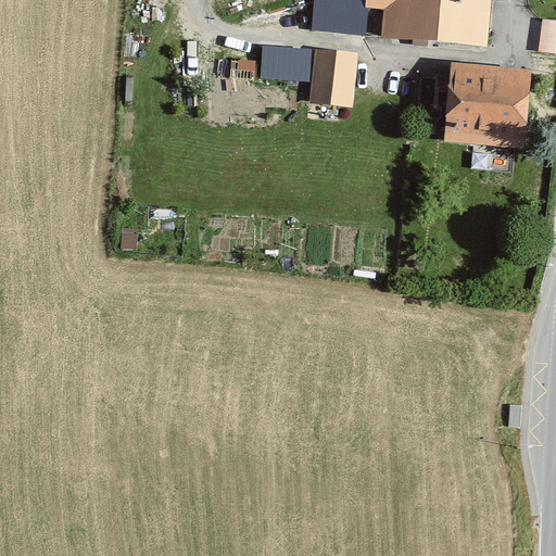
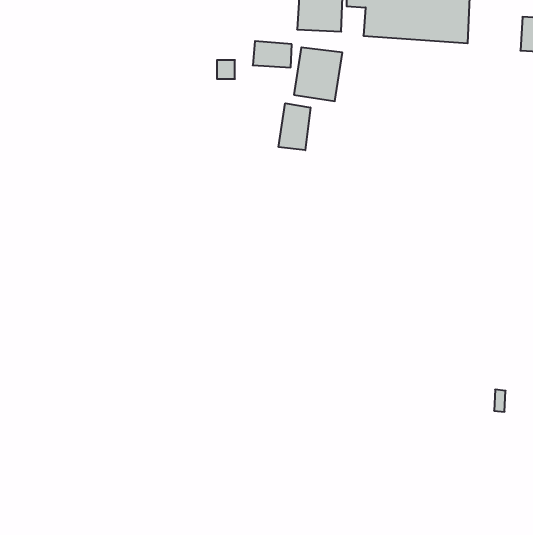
building: [442,64,526,147] -> none
building: none -> [279,103,310,150]

